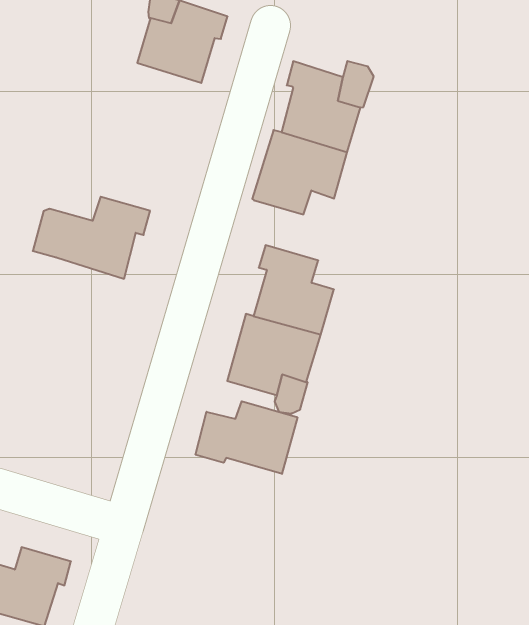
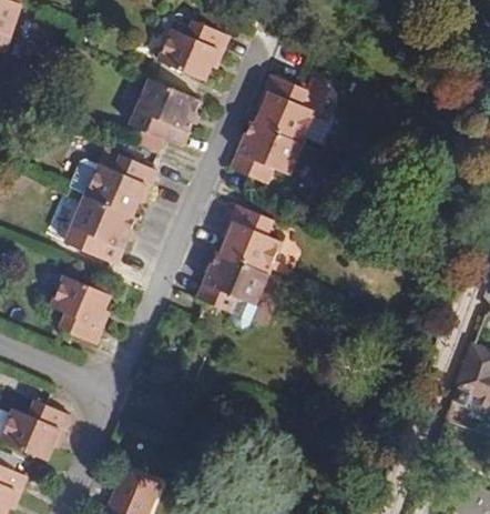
building: none -> [135,78,202,149]
building: none -> [71,195,136,264]
building: none -> [51,274,111,345]
building: [196,401,297,474] -> none

